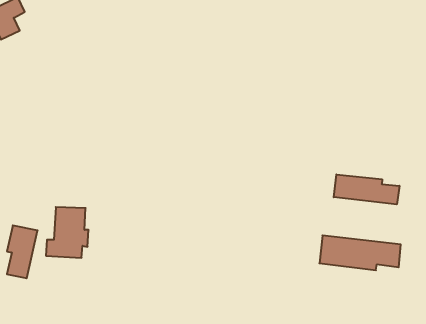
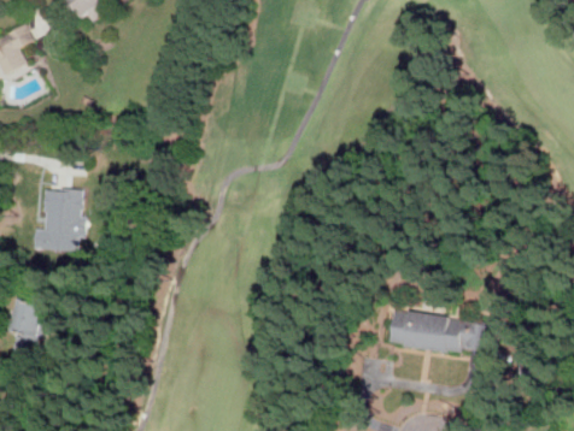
building: [334,174,399,204] -> none
building: [46,207,89,258] -> [33,189,84,250]

